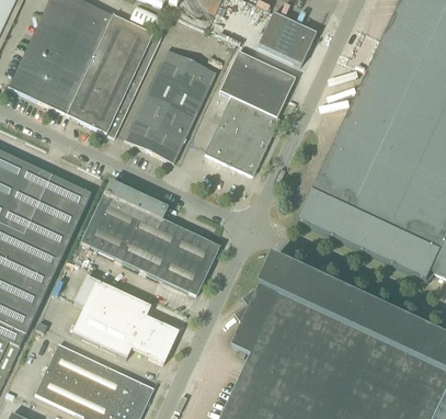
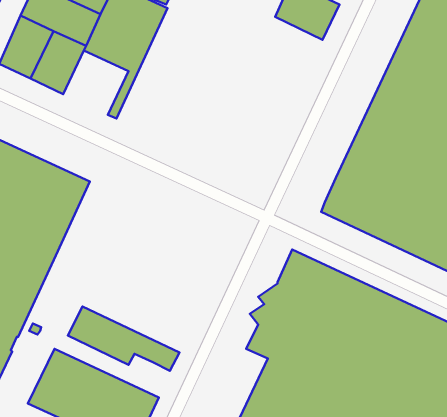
building: [124,49,216,161] -> none
building: [205,49,296,174] -> none
building: [67,73,126,132] -> none
building: [82,181,219,295] -> none
building: [75,274,180,347] -> none

